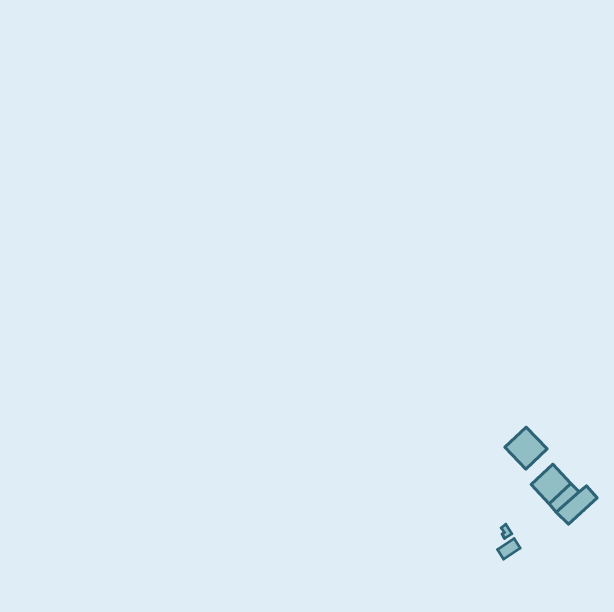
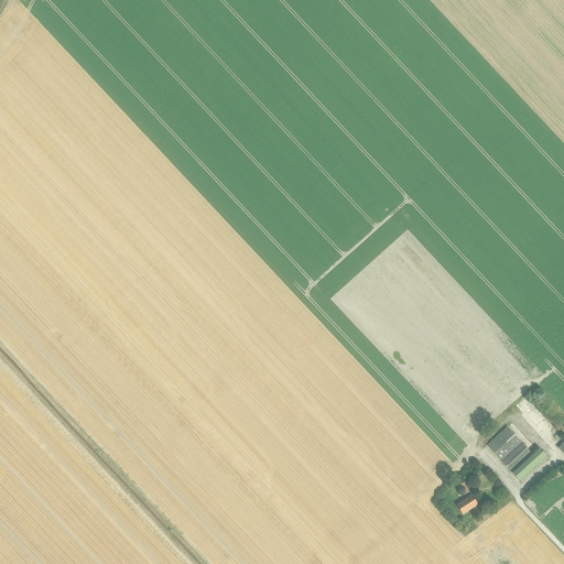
building: [505,427,547,469] -> none

